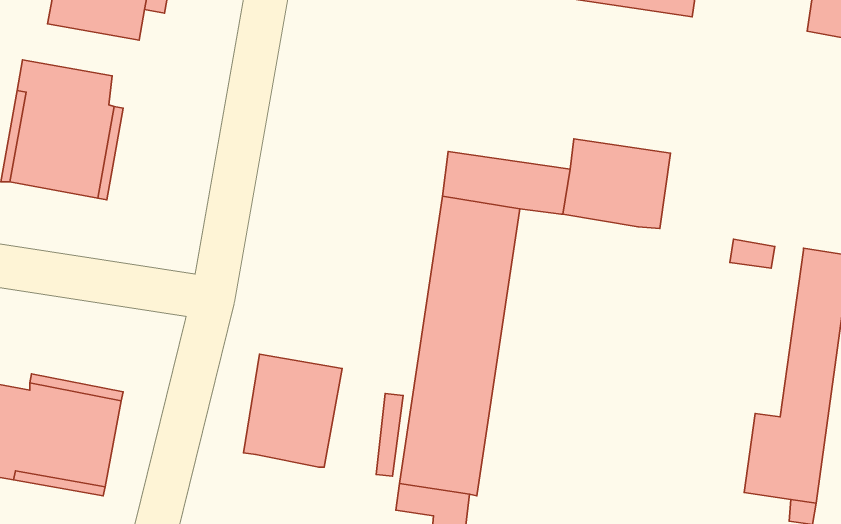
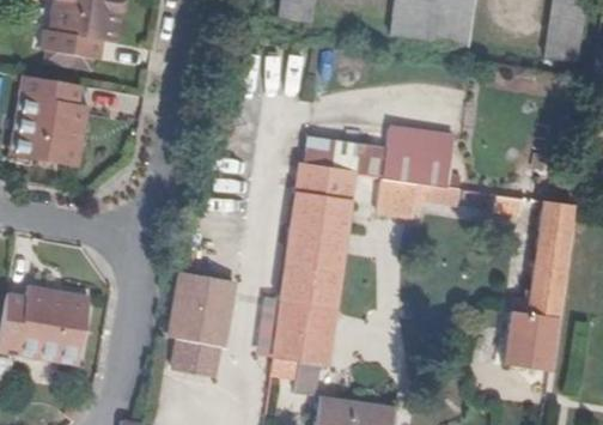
building: none -> [377,177,459,215]
building: none -> [172,338,220,375]

